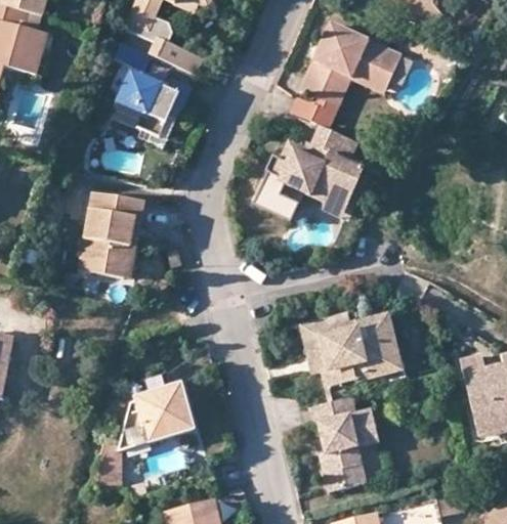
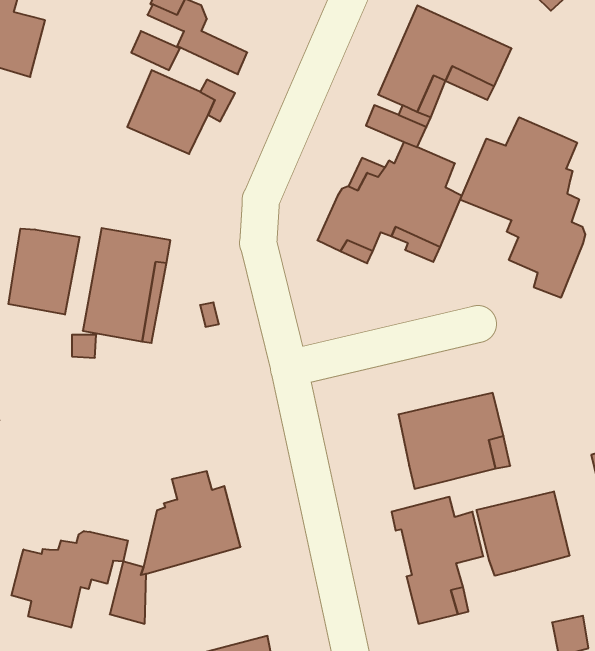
building: none -> [460,117,585,298]
building: none -> [8,229,80,315]
building: [300,312,350,374] -> none
building: none -> [476,491,569,576]
building: none -> [11,531,128,628]

